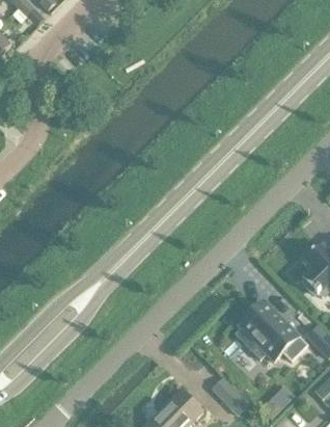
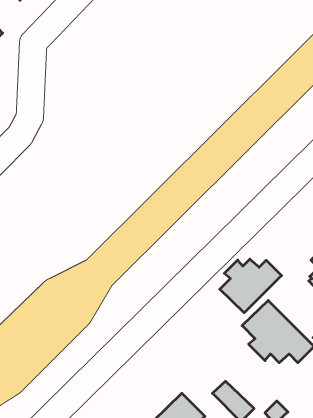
building: none -> [220,259,282,313]

